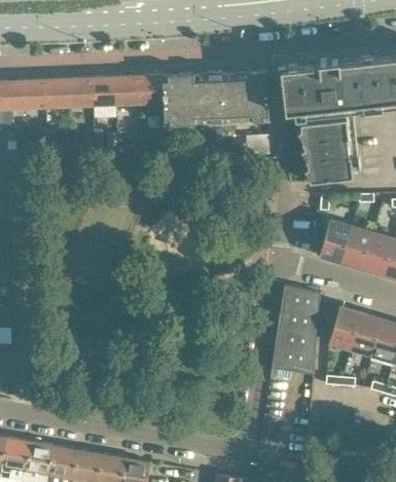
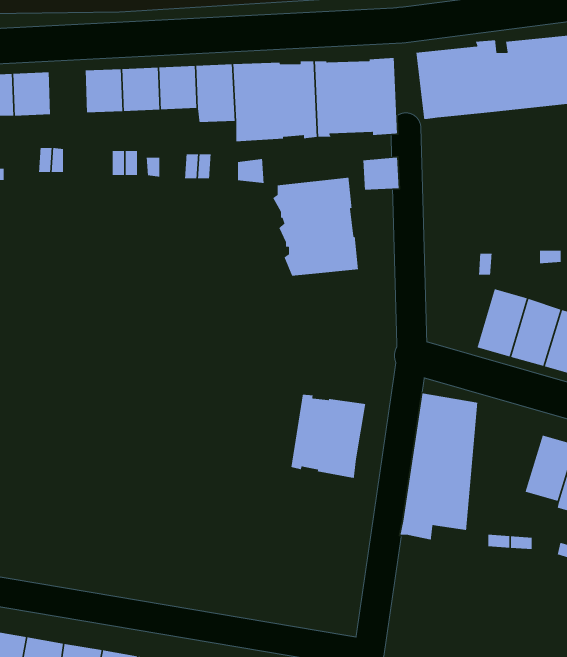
building: [45,80,69,109] -> none
building: [297,119,353,183] -> [272,177,359,276]
building: none -> [290,394,366,479]
building: [328,307,361,350] -> none

